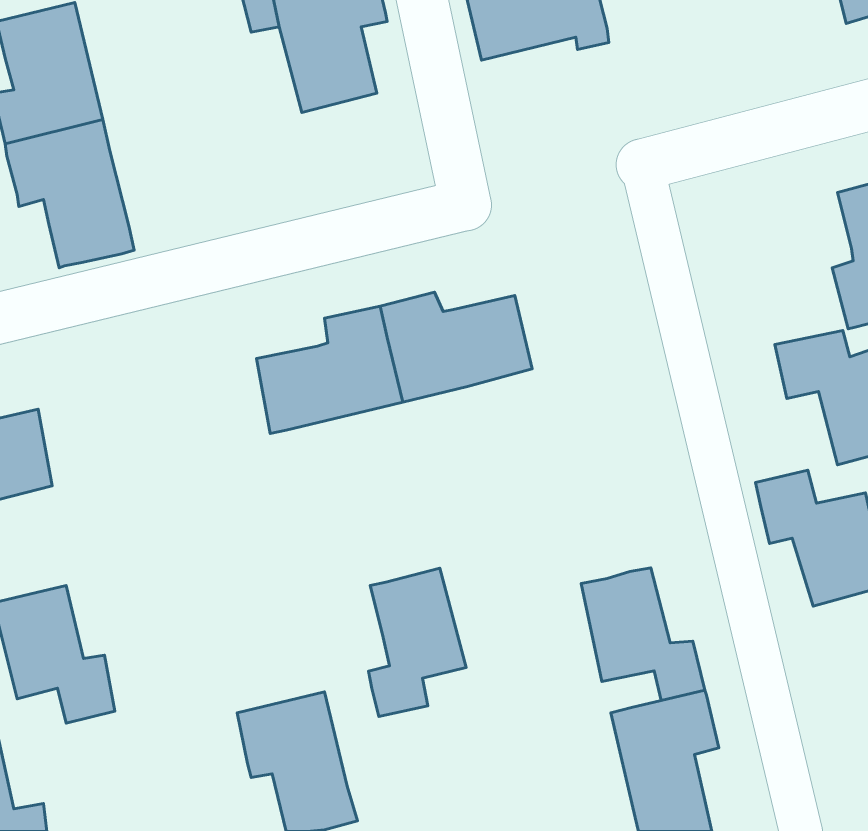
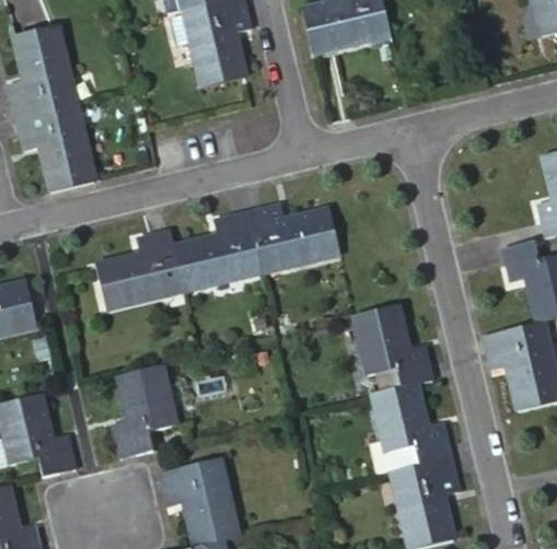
building: none -> [91,234,179,314]
building: none -> [356,300,434,382]
building: [368,568,466,716] -> [117,364,178,457]

